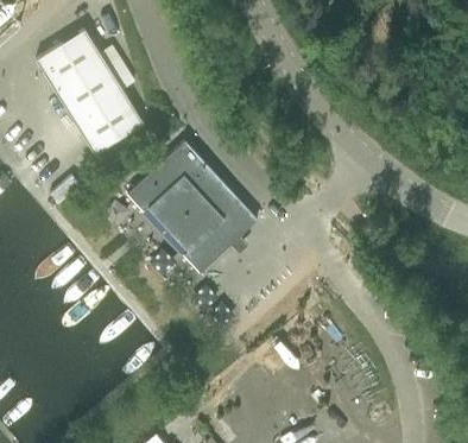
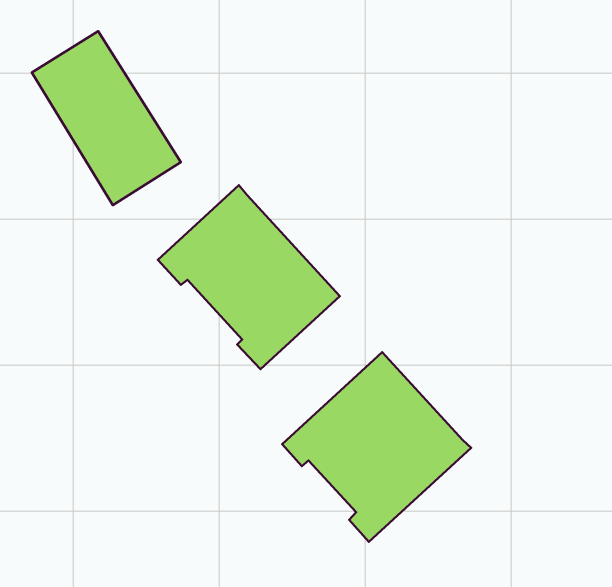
building: none -> [282,352,471,542]

